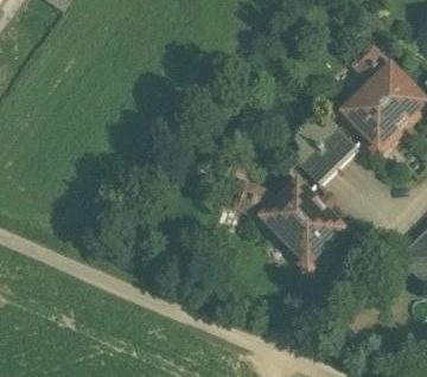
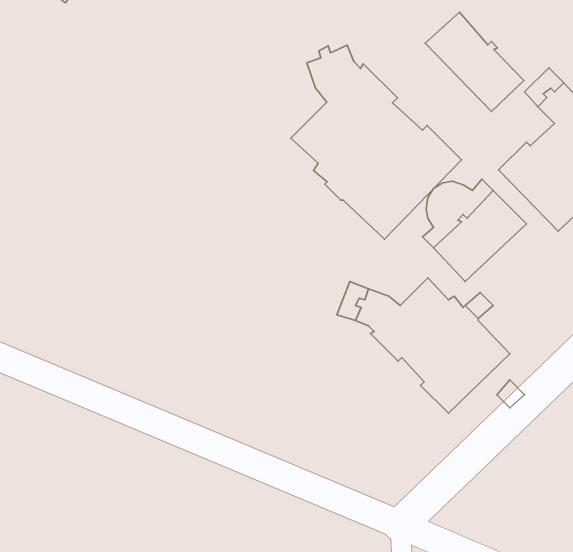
building: none -> [425,12,524,112]
building: none -> [291,45,462,239]

